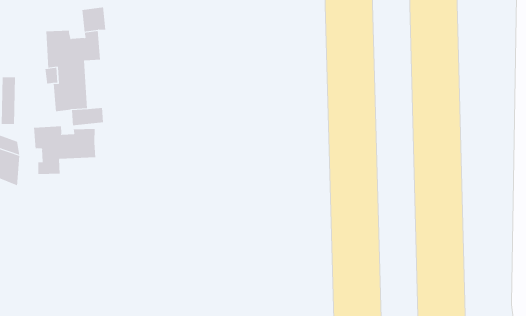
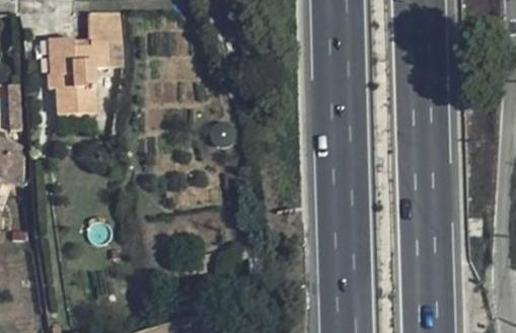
building: [34,125,96,175] -> none

